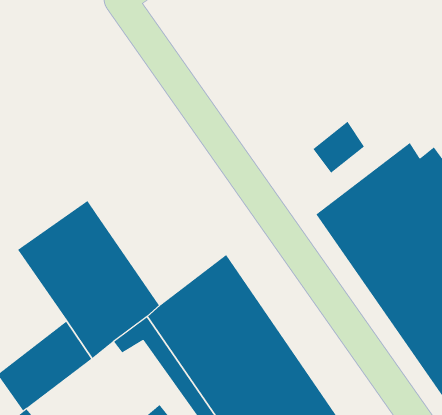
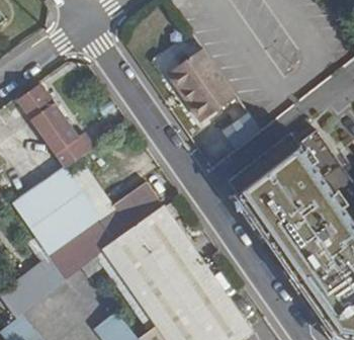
building: none -> [166,47,236,120]
building: none -> [18,88,92,167]
building: none -> [71,166,163,242]

